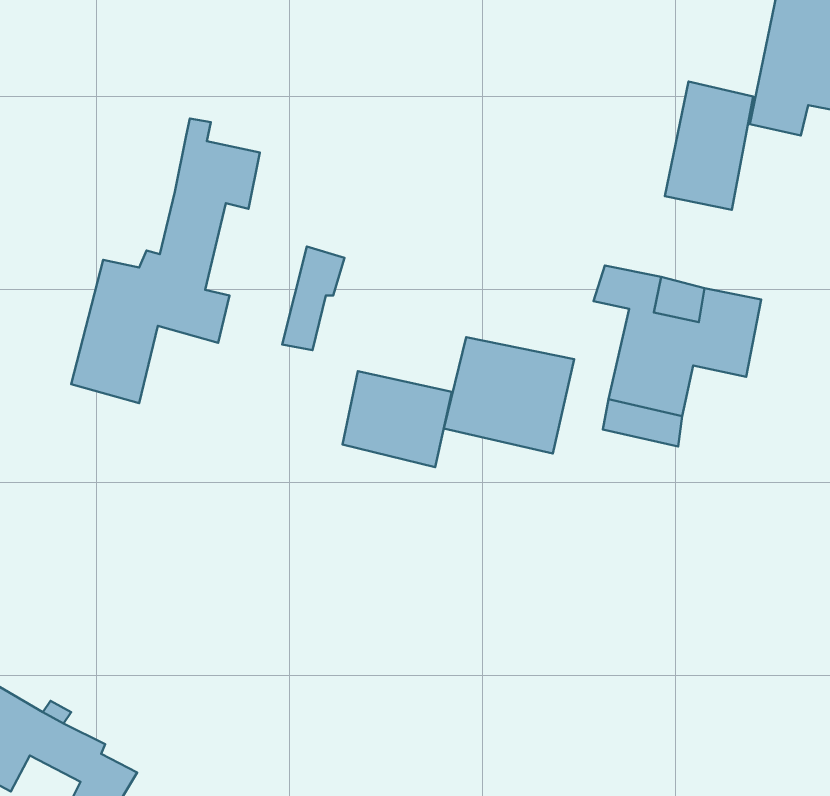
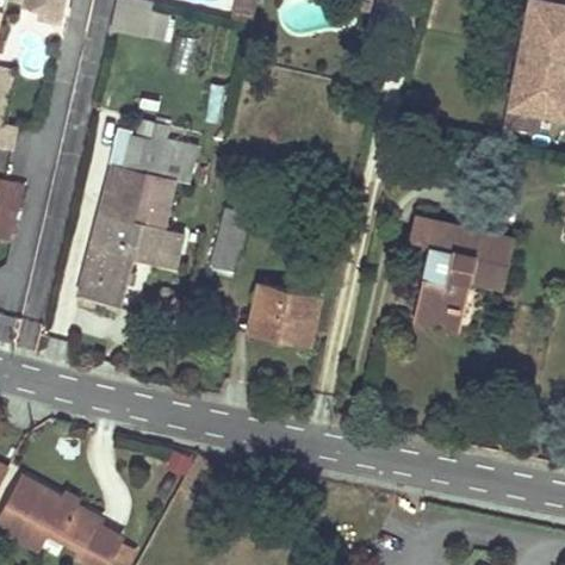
building: [665,82,753,210] -> none
building: none -> [97,116,151,218]
building: [444,337,574,454] -> none

